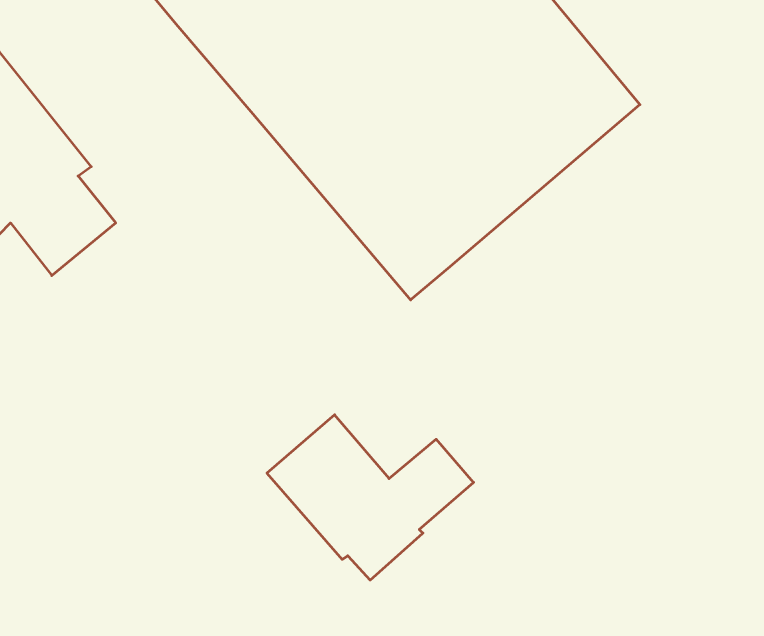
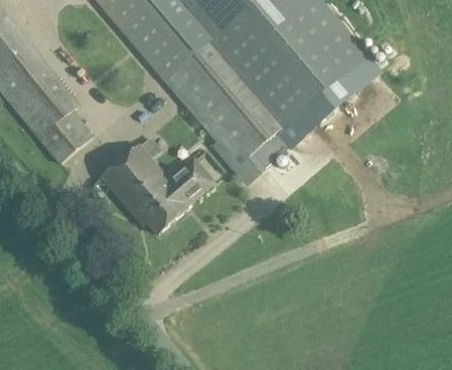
building: [267,415,474,580] -> [101,145,211,233]

